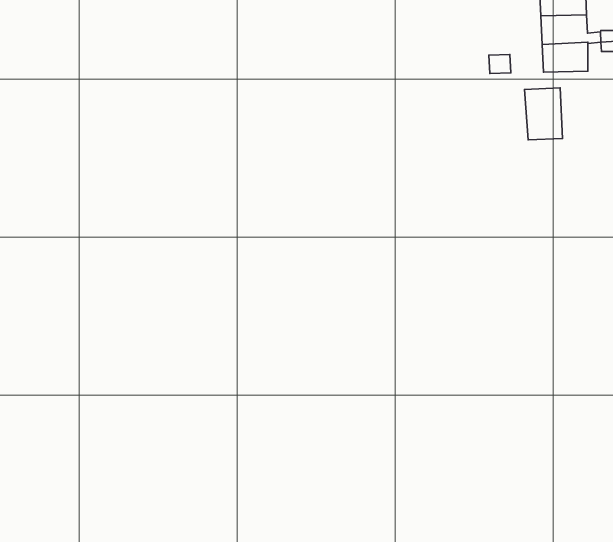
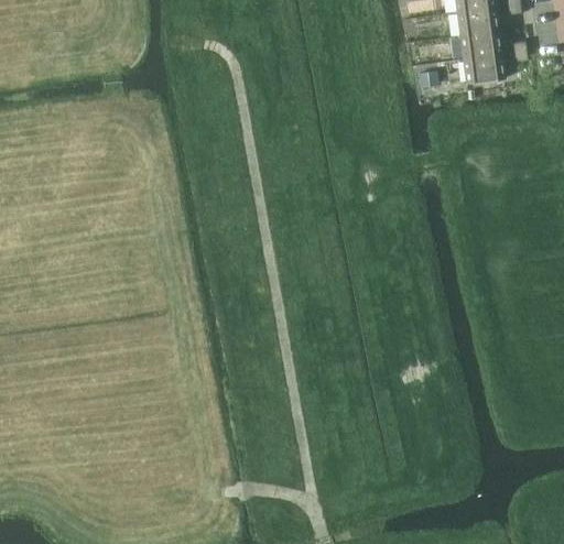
building: [525,88,562,140] -> none

